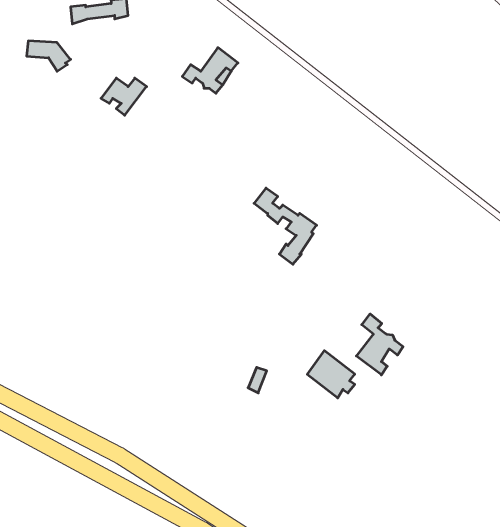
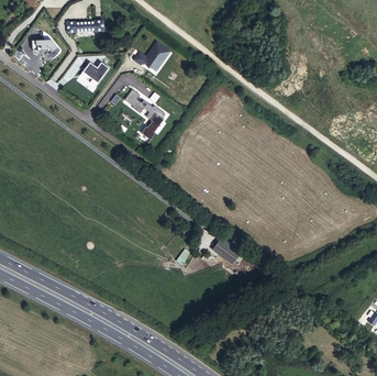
building: [254,188,317,264] -> [124,90,165,140]
building: [356,314,403,375] -> none

